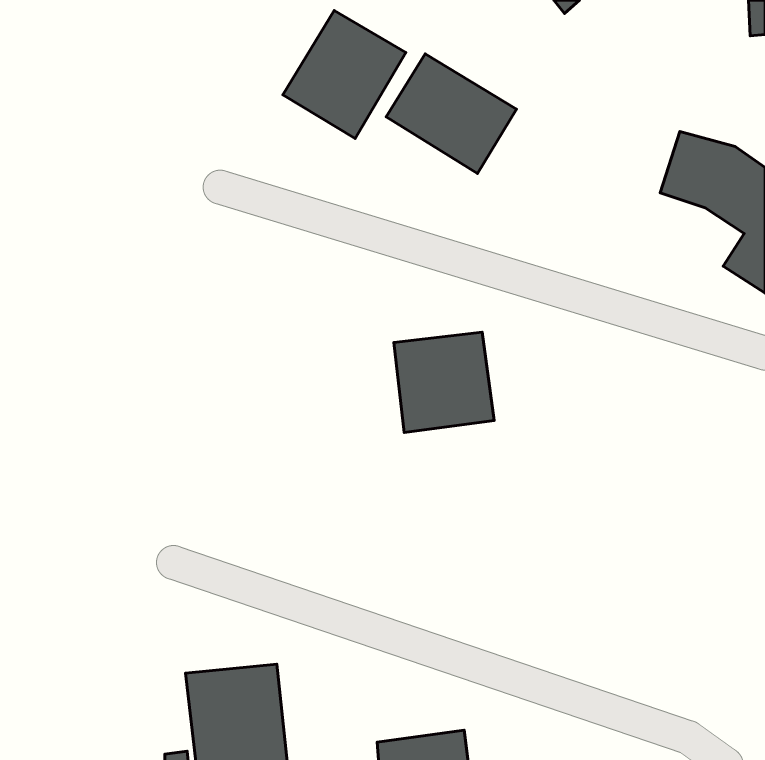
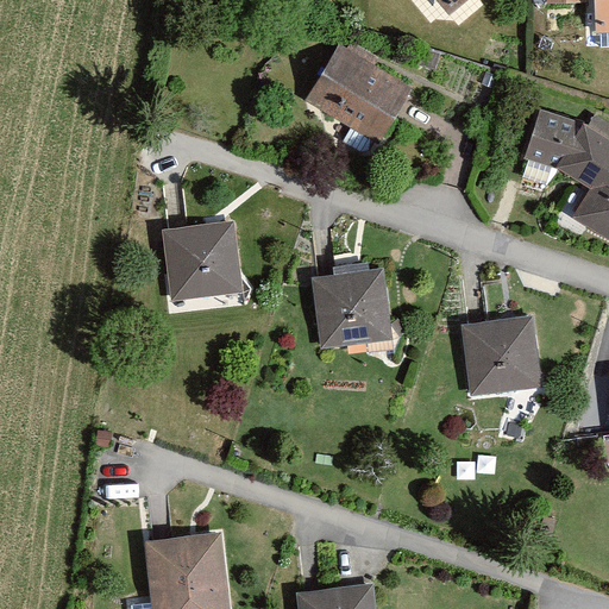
building: [283,11,406,139] -> none
building: none -> [164,222,240,297]
building: none -> [463,319,541,395]

